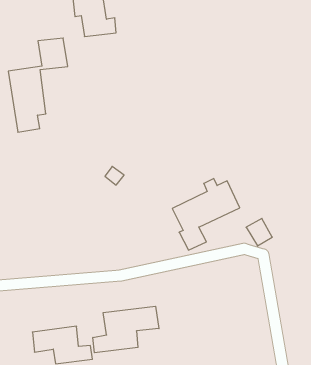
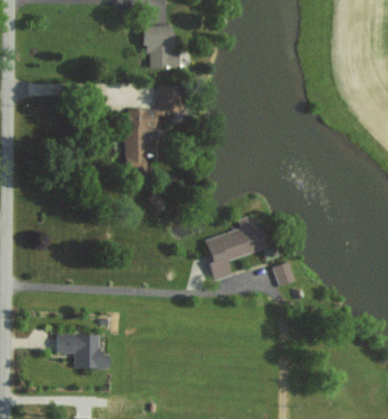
building: [8,38,68,132] -> [126,85,182,167]
building: [93,306,159,353] -> none

